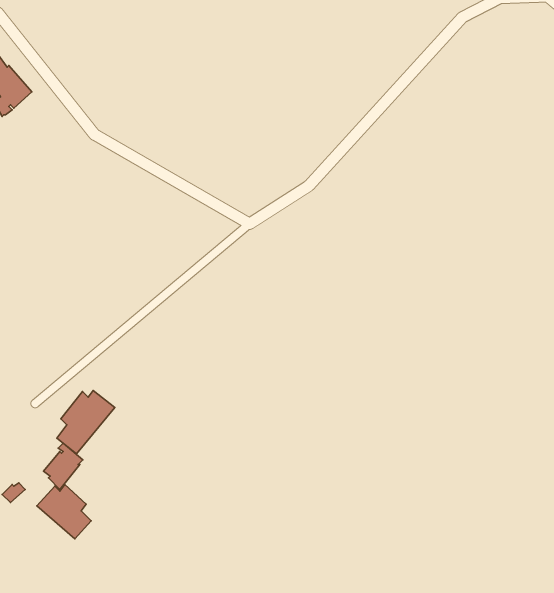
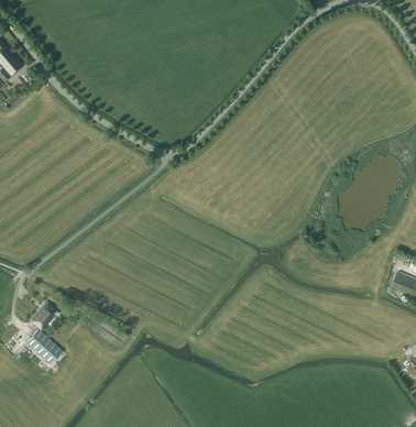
building: [57,391,115,454] -> none

